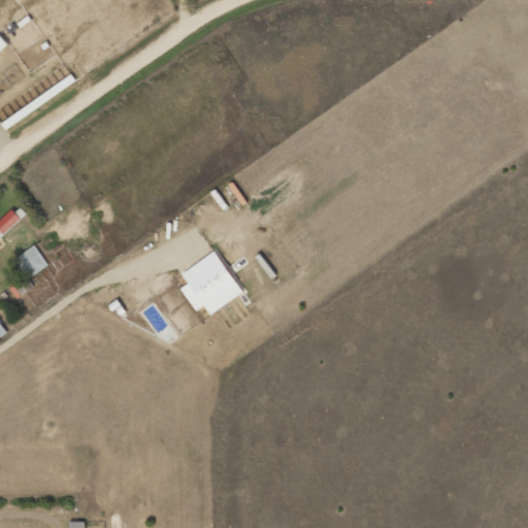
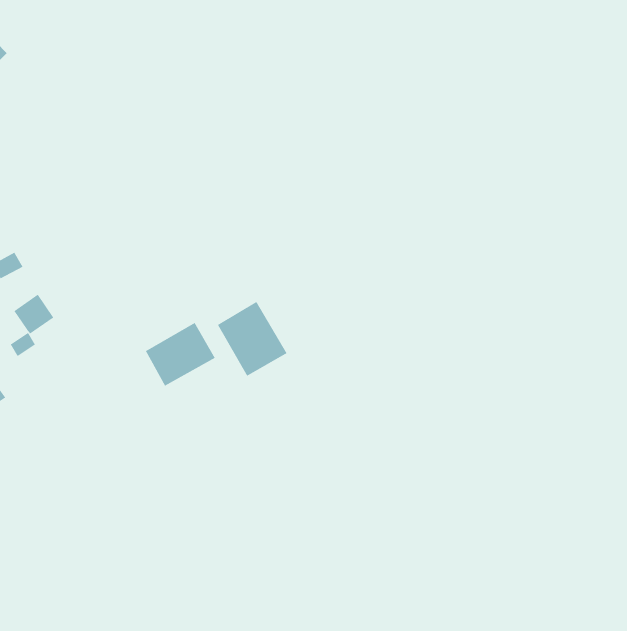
building: none -> [145,322,216,387]

